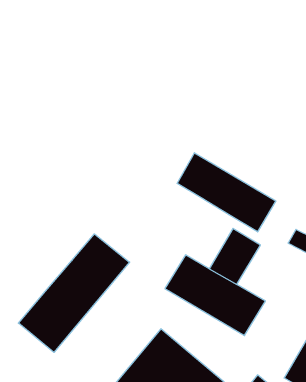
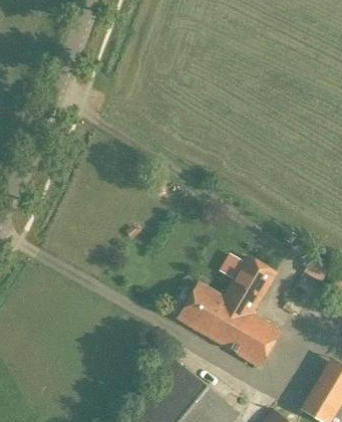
building: [177,153,276,232] -> none
building: [18,234,130,352] -> none

